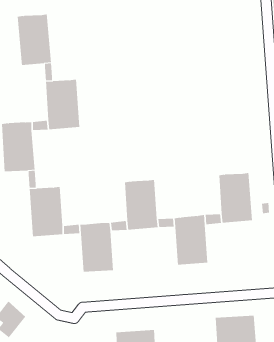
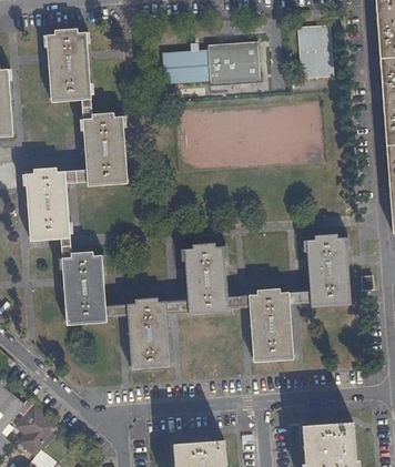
building: none -> [296,24,333,79]
building: none -> [161,41,261,85]

